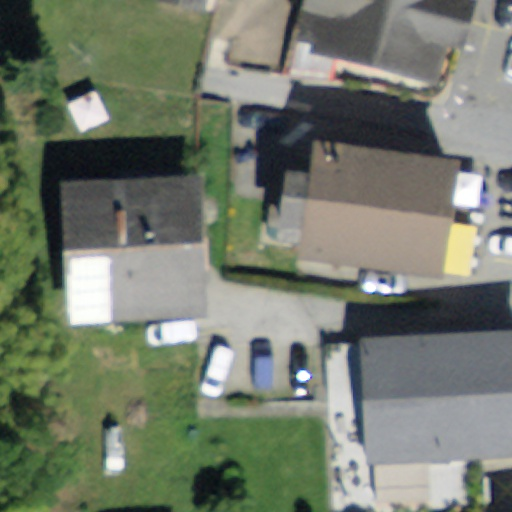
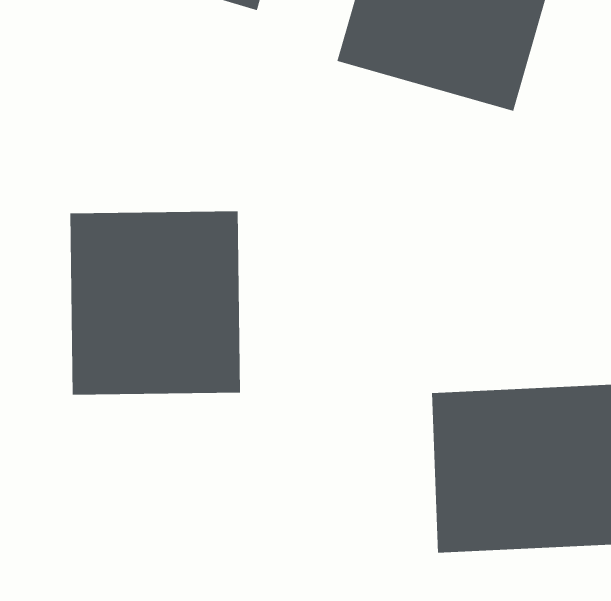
building: [292,140,451,277] -> none

